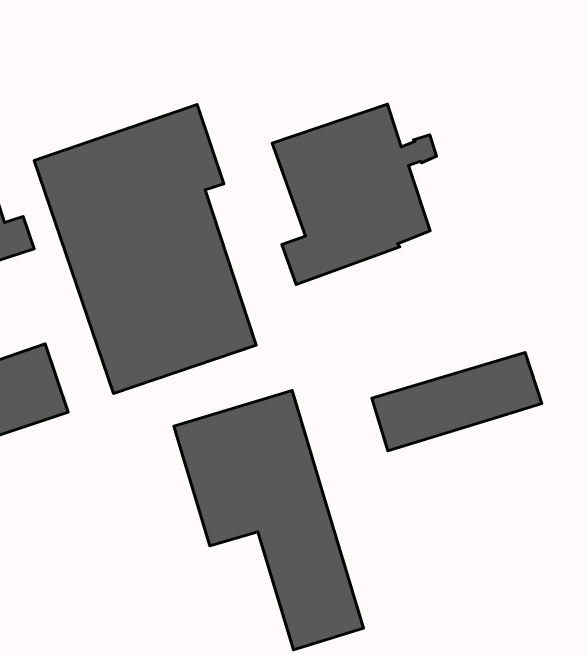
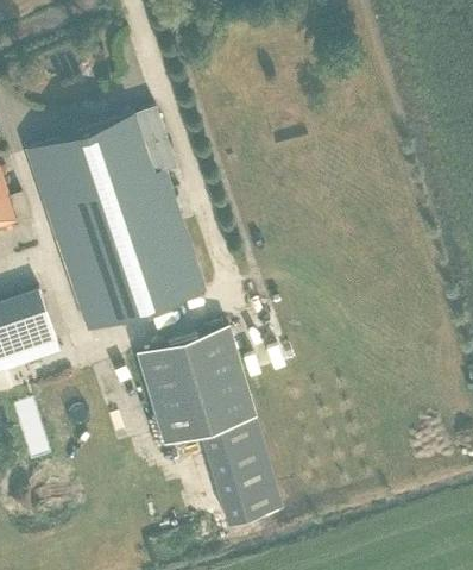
building: [272,104,437,284] -> none
building: [372,353,542,451] -> none

